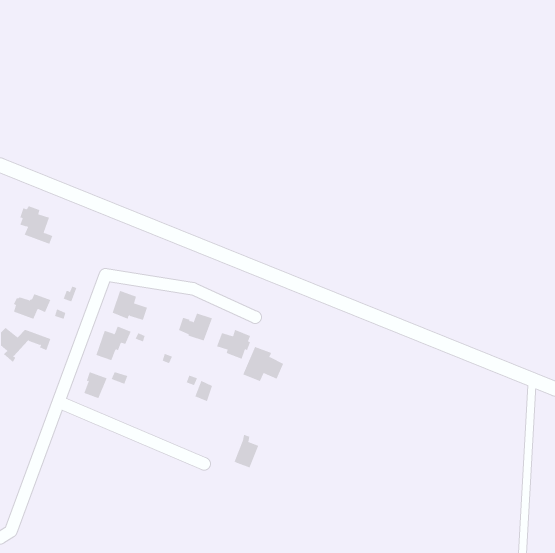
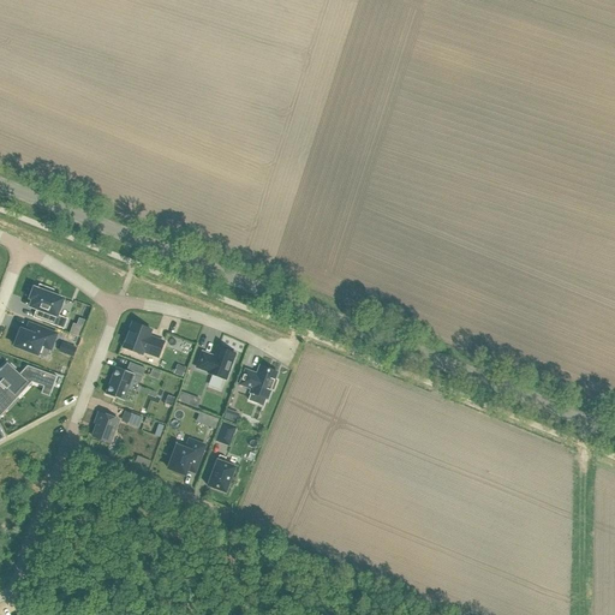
building: [20,205,53,245] -> [30,283,67,327]
building: [243,346,284,382] -> none
building: none -> [168,437,205,474]
building: [234,434,259,469] -> [208,453,235,491]

